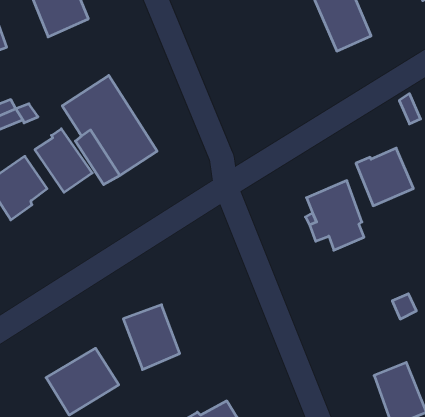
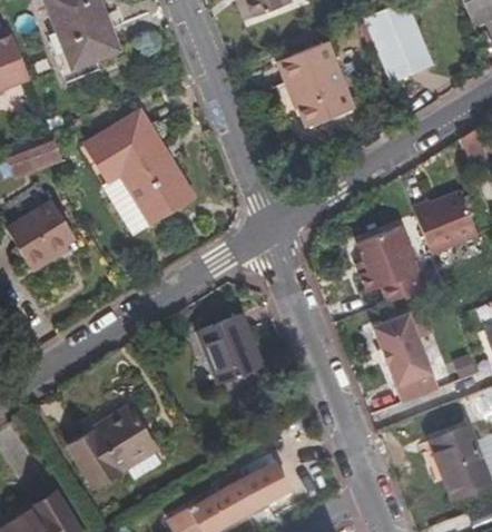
building: none -> [277,43,352,127]
building: [35,129,92,192] -> none
building: none -> [374,314,439,403]
building: [123,305,180,370] -> [204,312,266,383]

